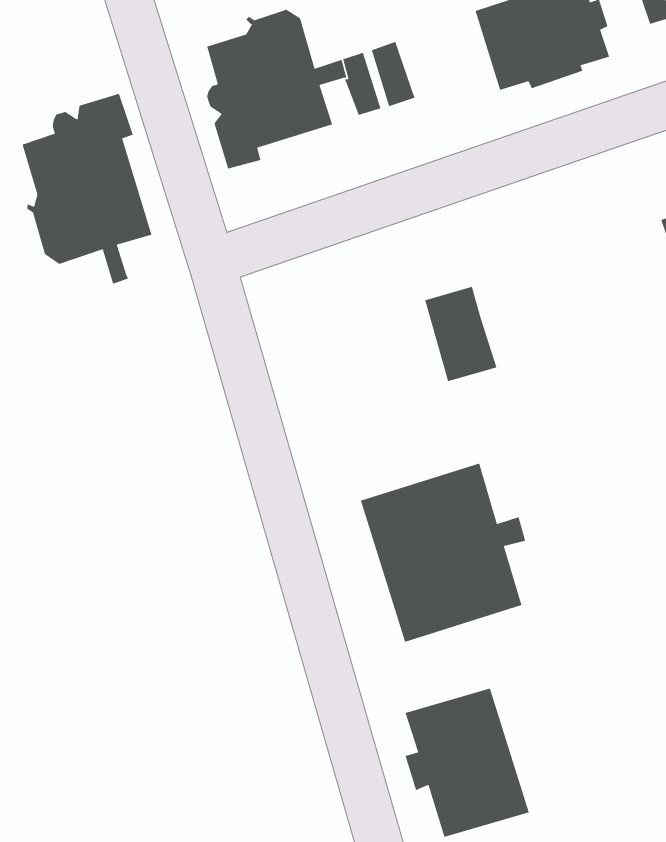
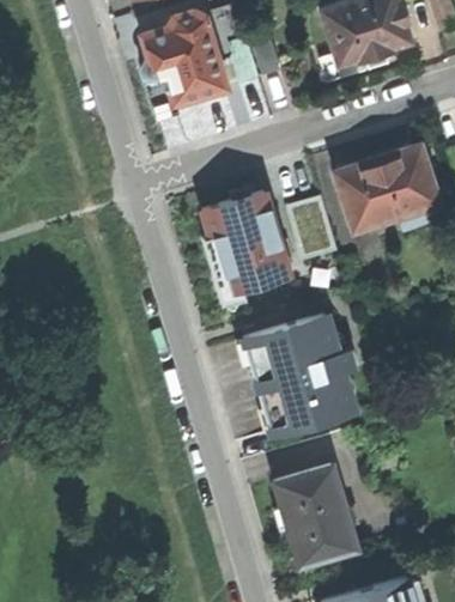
building: [21,93,153,285] -> none
building: none -> [334,145,439,230]
building: none -> [206,193,289,292]

